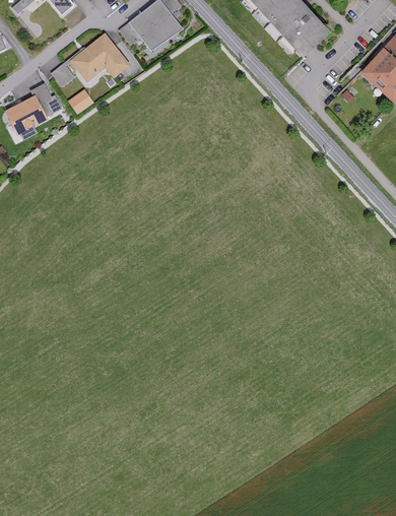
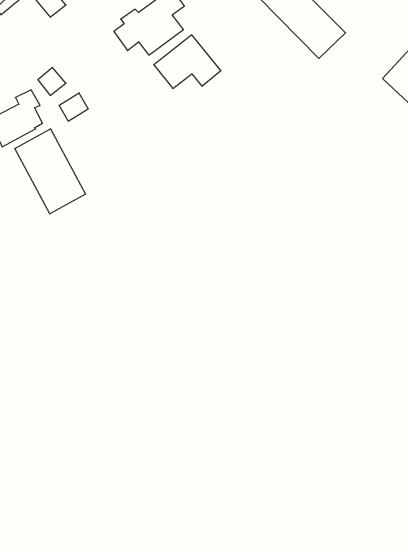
building: [70,33,131,81] -> [154,35,221,88]
building: none -> [15,129,85,214]

